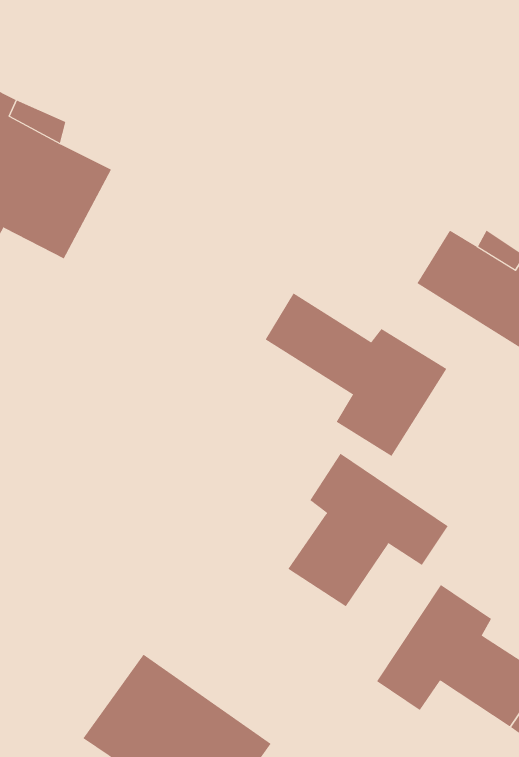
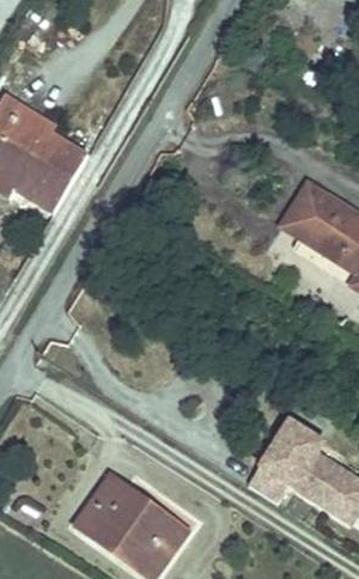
building: [265,292,447,457] -> none
building: [288,453,449,607] -> none

